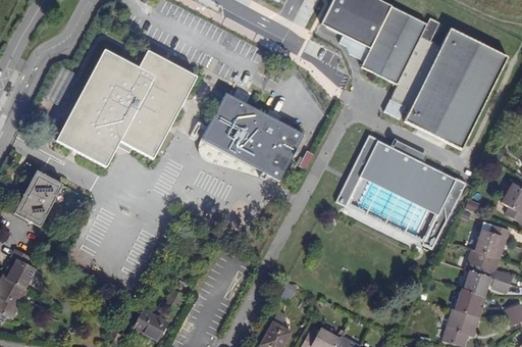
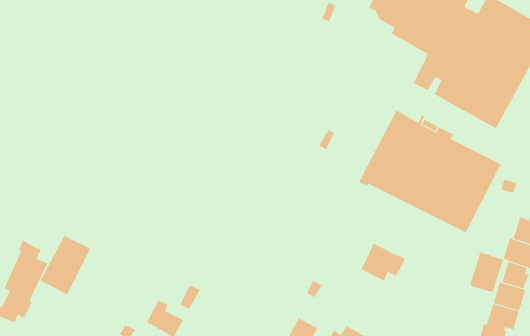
building: [56,53,196,169] -> none
building: [203,94,306,181] -> none
building: [18,175,65,230] -> [40,235,91,295]
building: none -> [361,243,406,282]
building: none -> [470,252,504,293]

